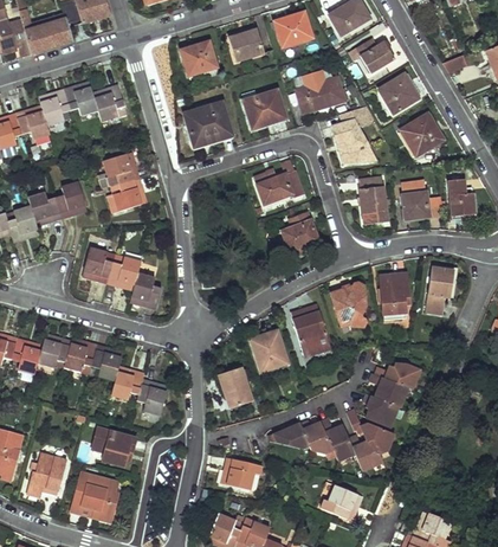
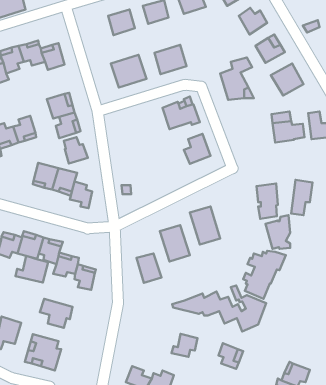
building: [295,75,345,111] -> none
building: [357,178,387,224] -> none
building: none -> [64,137,88,163]
building: [332,279,366,324] -> [265,215,290,249]
building: none -> [16,256,48,282]
building: [219,457,253,488] -> [172,334,197,357]

